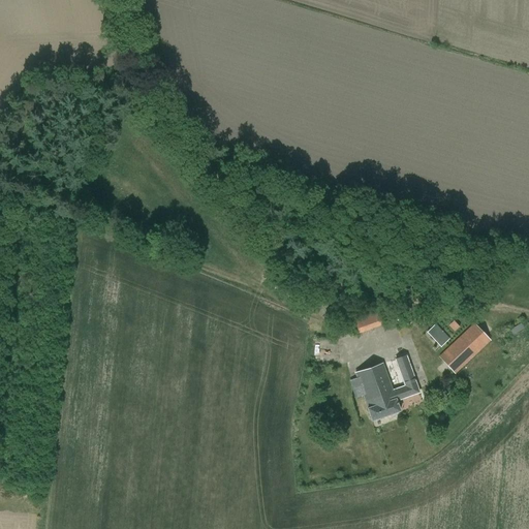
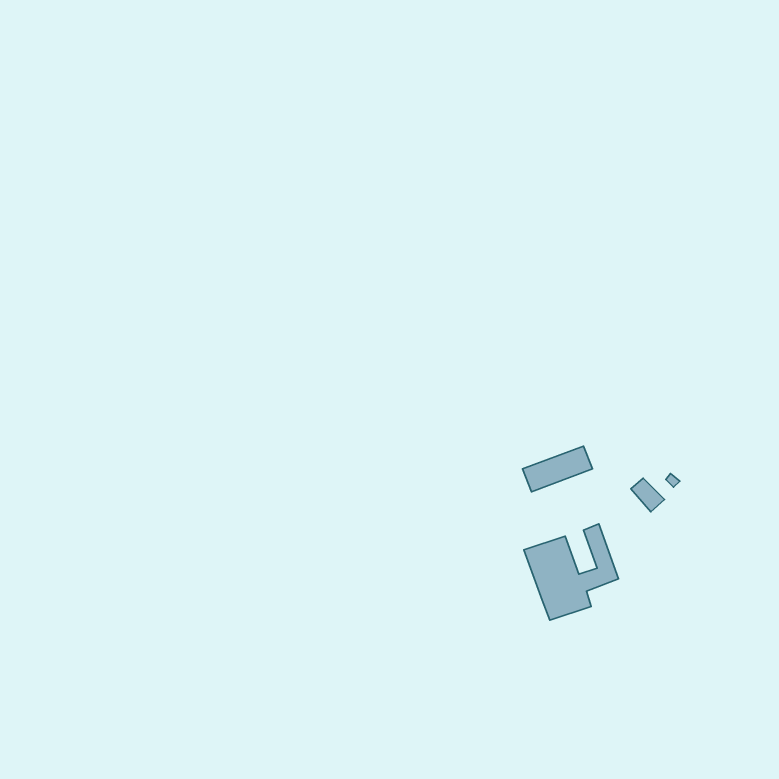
building: [440,323,491,373] -> none

